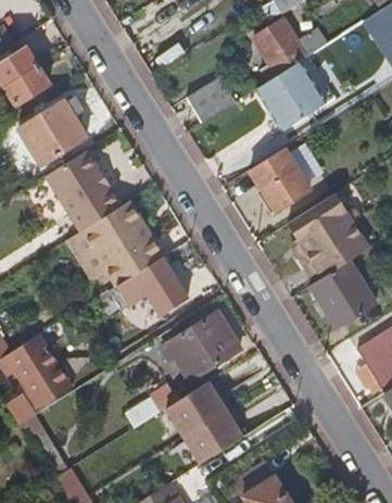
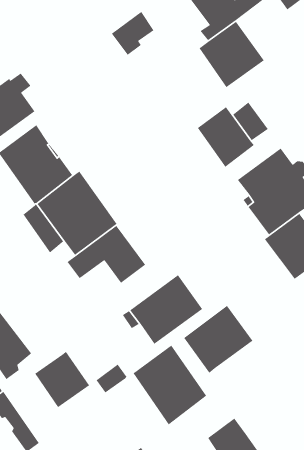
building: [187,78,231,123] -> [111,11,155,56]
building: none -> [183,305,253,374]
building: none -> [34,351,90,408]

